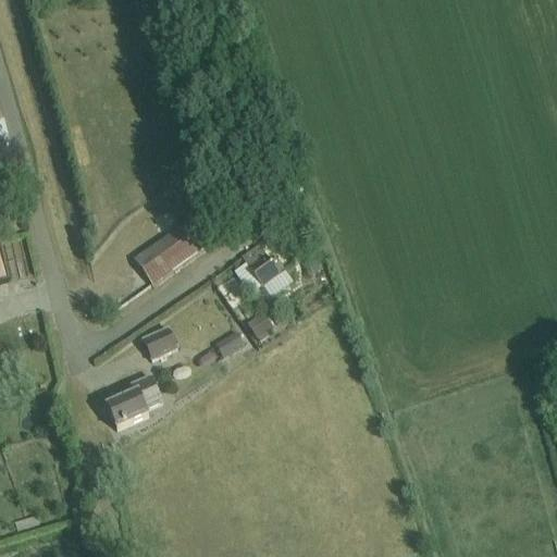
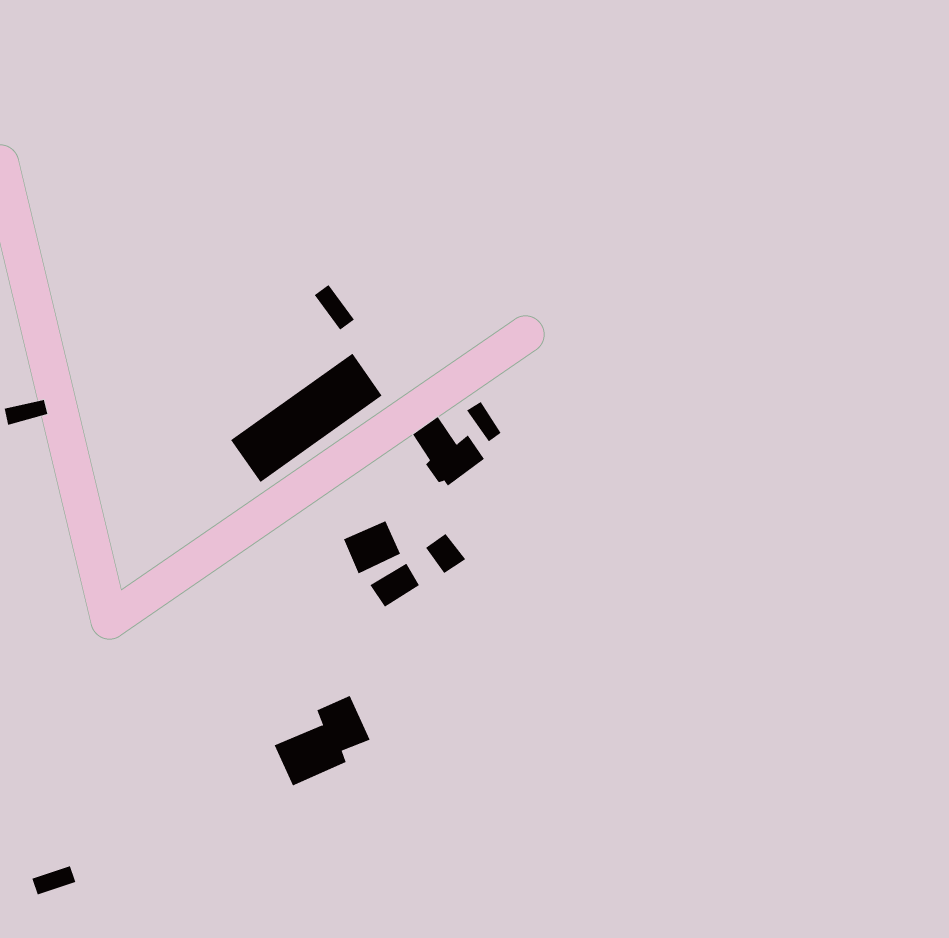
building: [144,327,177,359] -> [343,520,401,574]
building: [107,375,163,429] -> [274,695,371,786]

